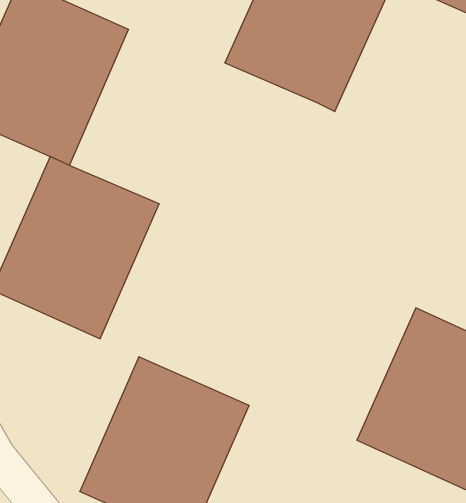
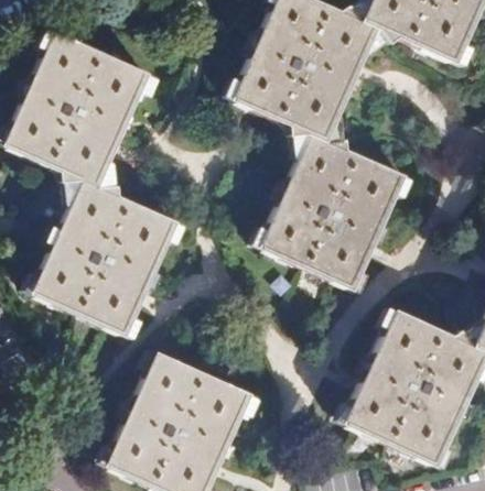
building: none -> [258,132,405,290]

